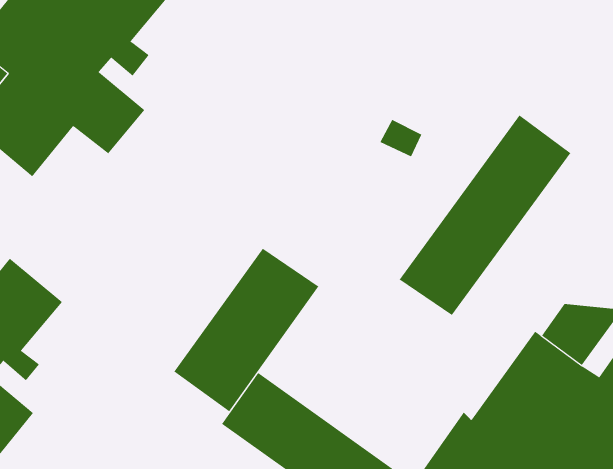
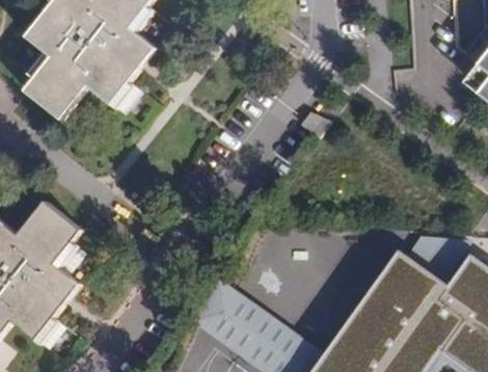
building: [399,114,571,316] -> none
building: [174,248,319,412] -> none

